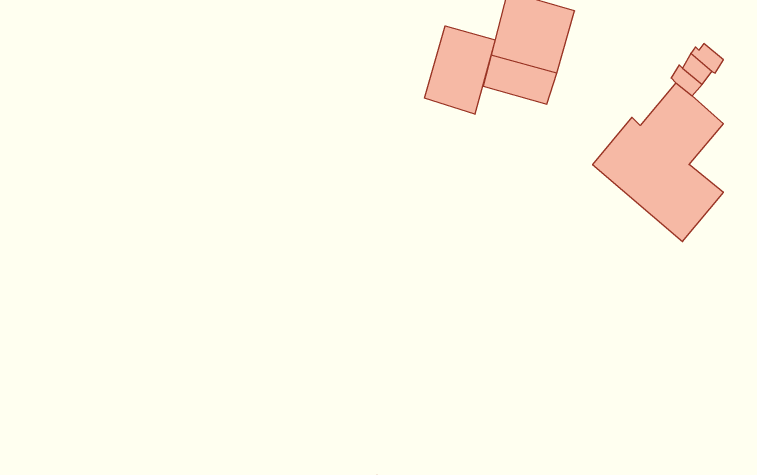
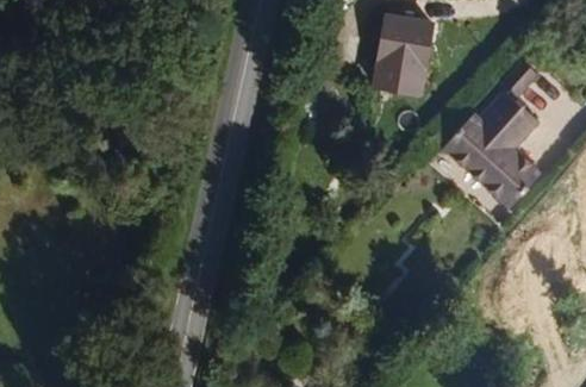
building: [425,26,495,114] -> none

